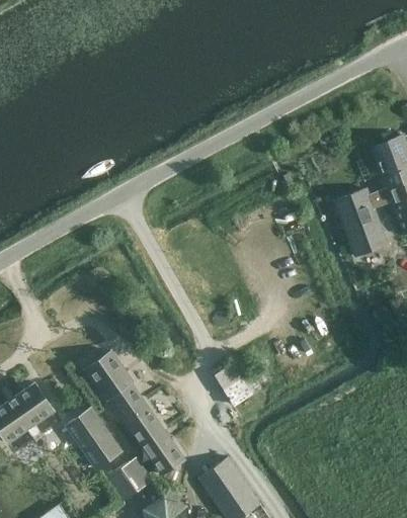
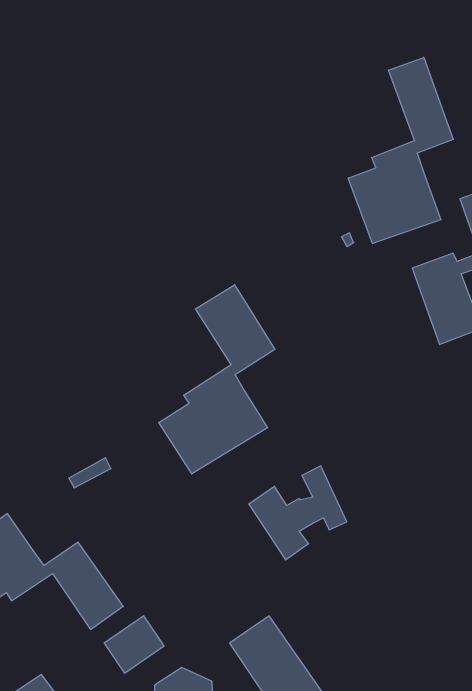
building: none -> [348,57,453,244]
building: none -> [159,285,275,474]
building: [86,350,185,473] -> none

